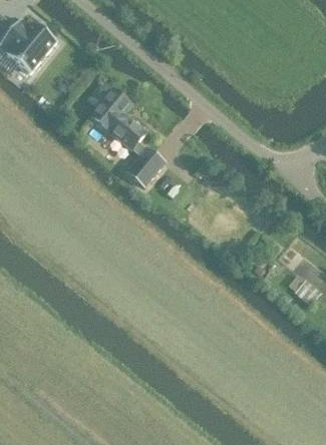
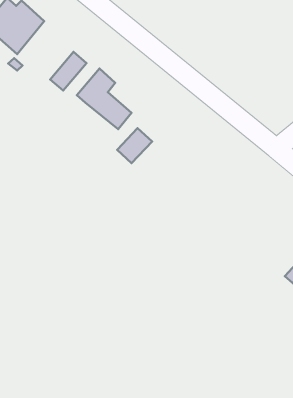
building: none -> [50,52,87,91]

